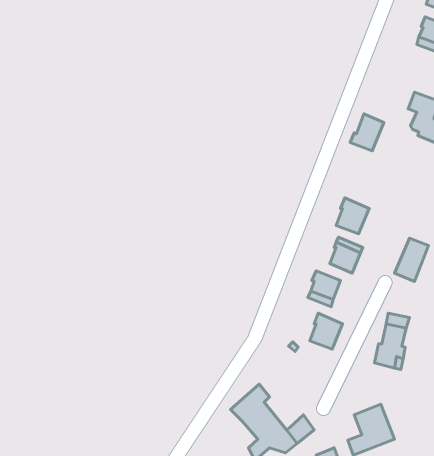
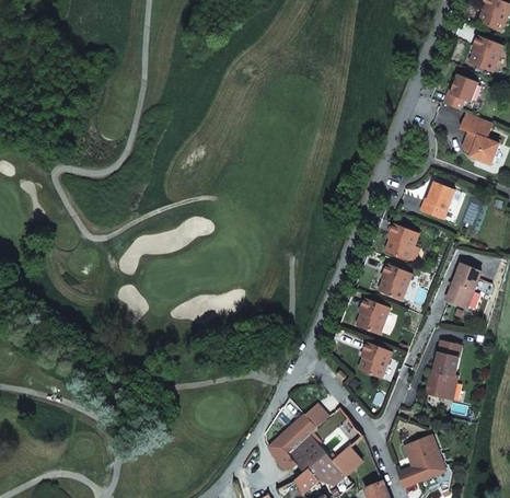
building: none -> [443,74,478,109]
building: [350,114,384,151] -> [420,181,455,219]

